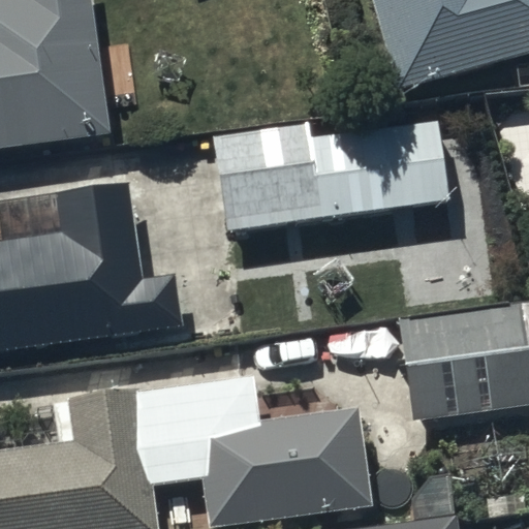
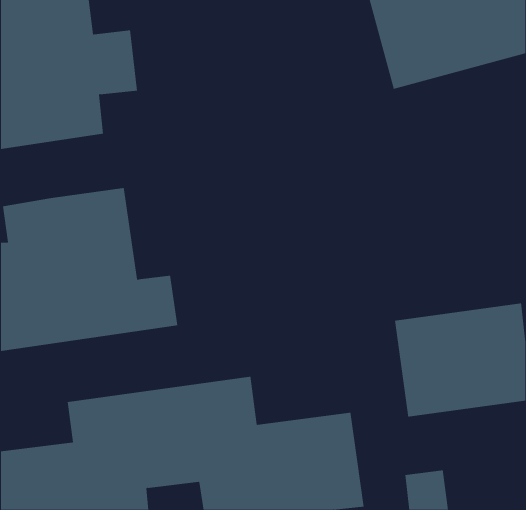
building: [210,122,446,232] -> none

